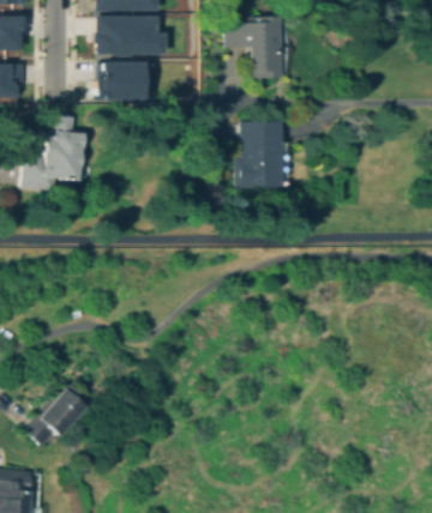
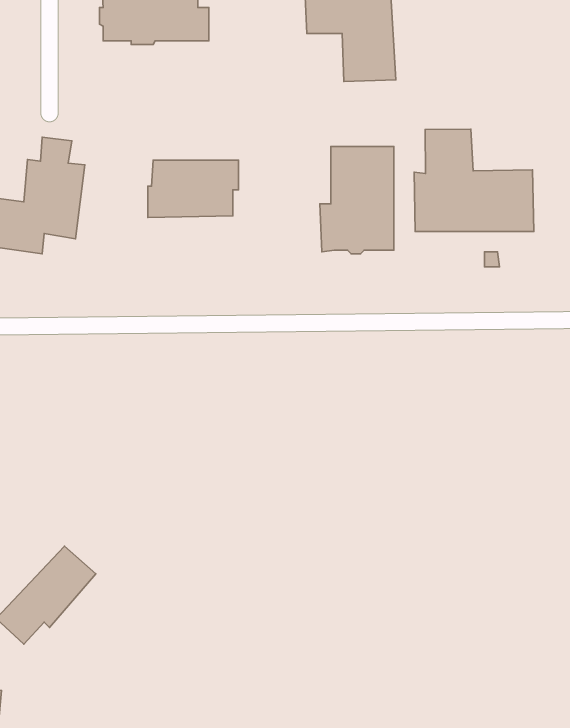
building: [95,62,154,99] -> [148,160,238,218]
building: none -> [414,129,534,231]

